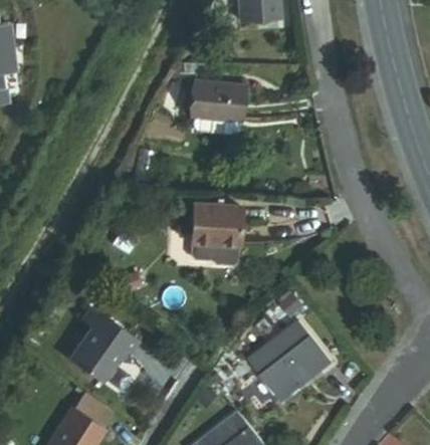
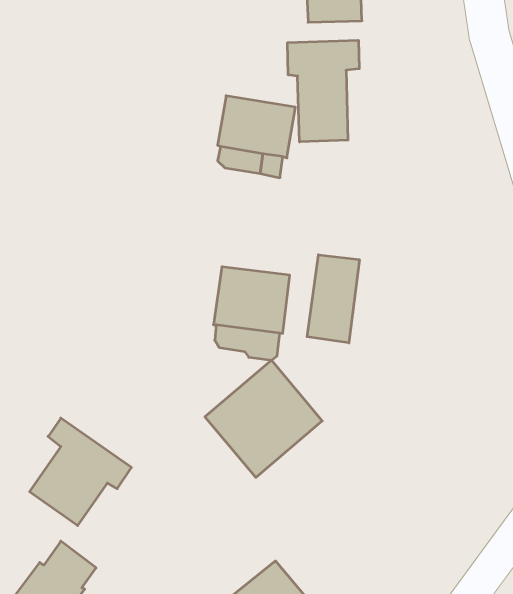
building: none -> [288,40,359,142]
building: none -> [307,255,359,343]
building: [242,317,326,401] -> [205,360,322,477]

